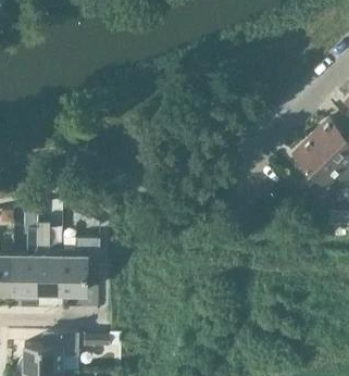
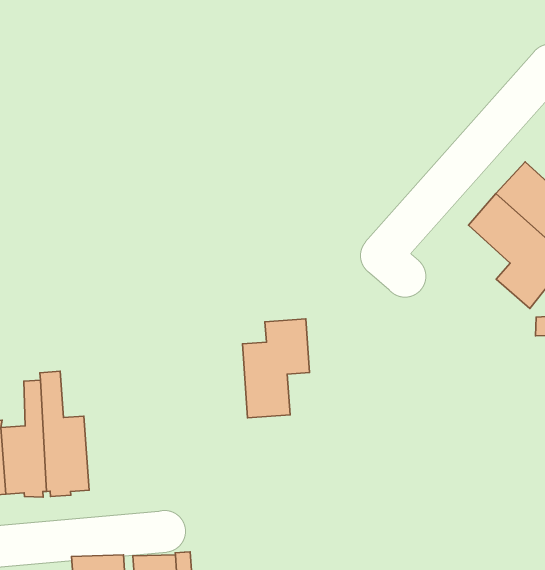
building: [60,238,98,293] -> [242,319,309,418]

